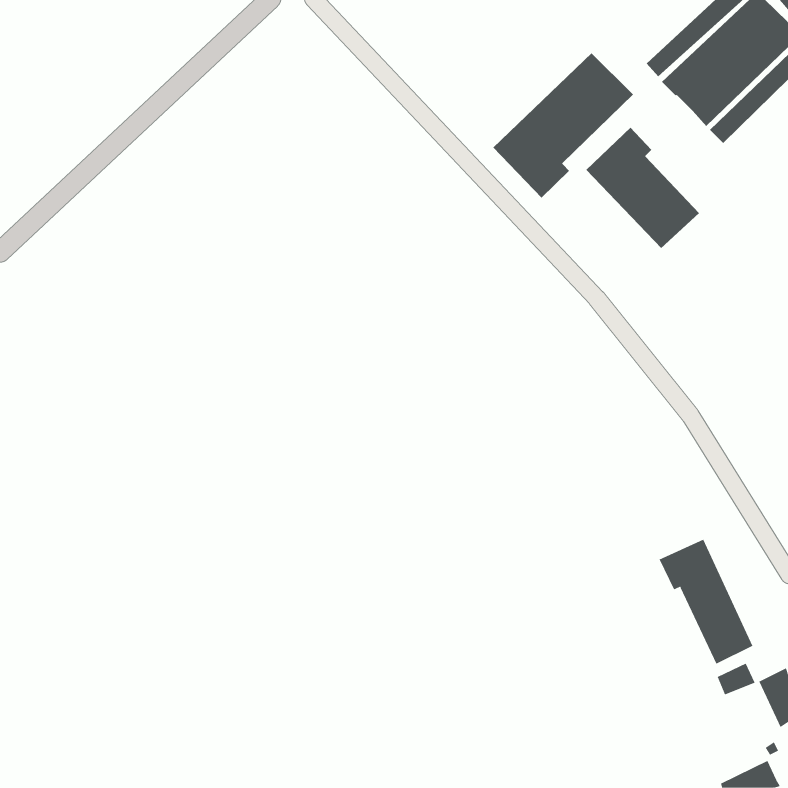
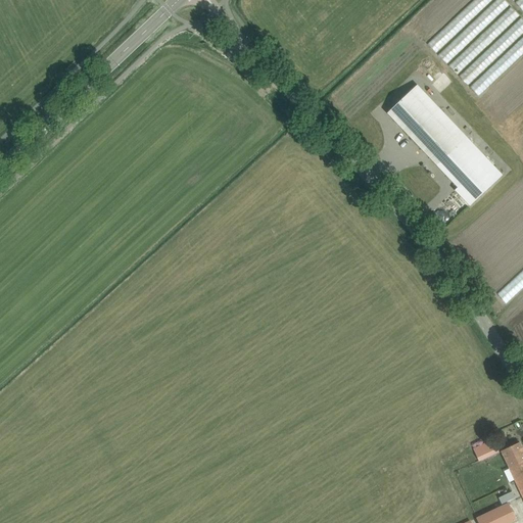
building: [493,53,634,199] -> none
building: none -> [438,137,503,204]
building: [659,539,753,665] -> none

